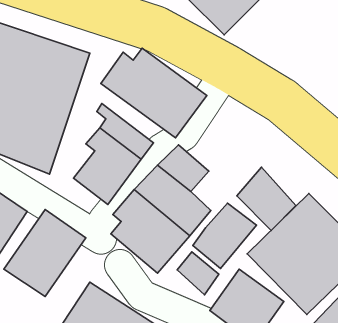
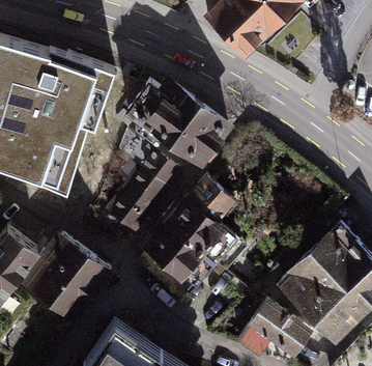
building: [237,167,296,231] -> none
building: [193,203,257,269] -> none
building: [177,252,219,295] -> none

